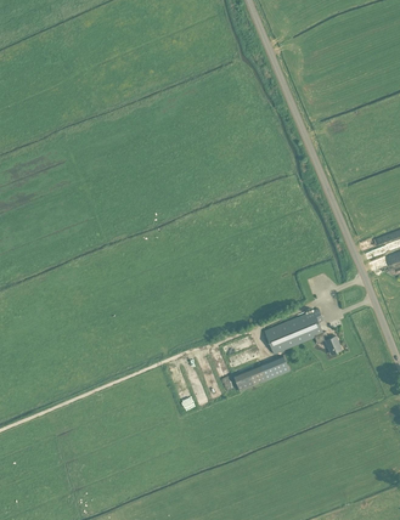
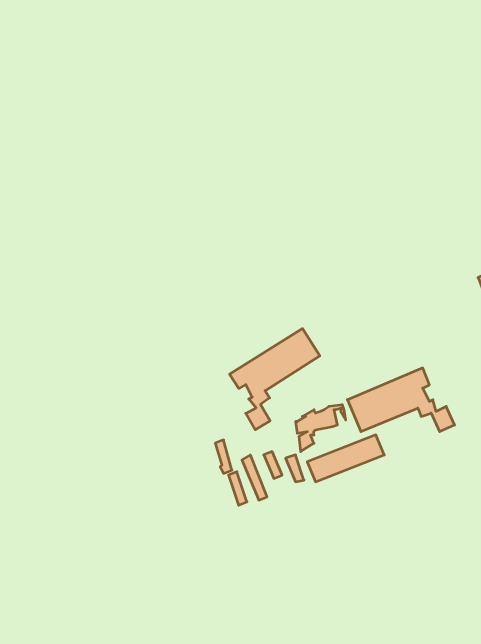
building: none -> [230,329,320,430]

